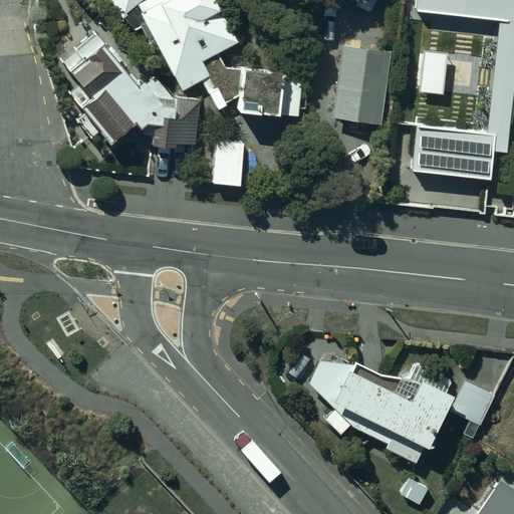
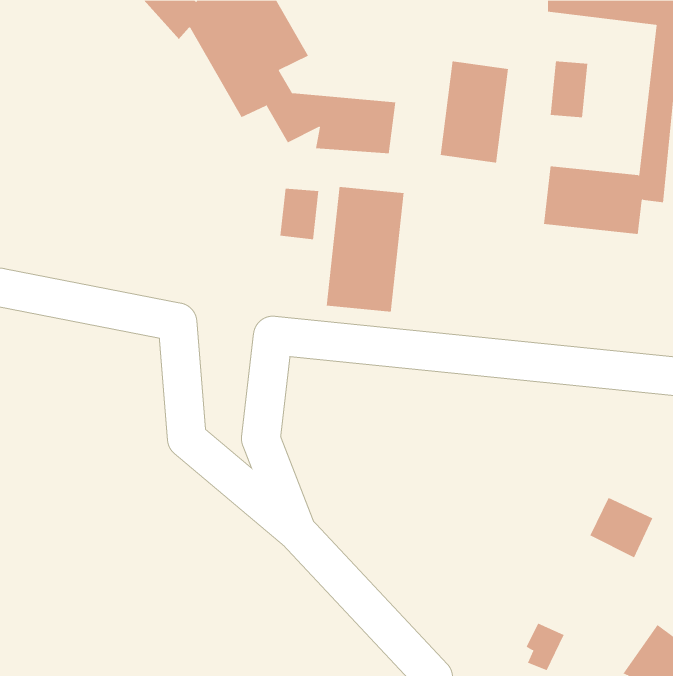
building: [71,38,199,149] -> none
building: none -> [326,186,404,312]
building: [308,355,454,459] -> none

